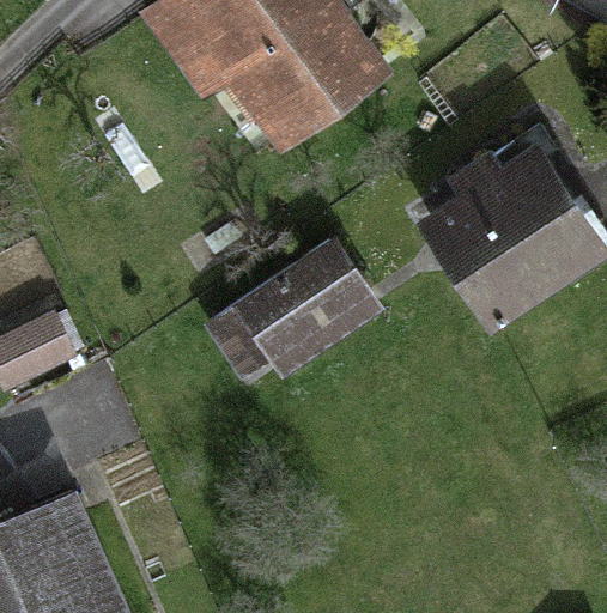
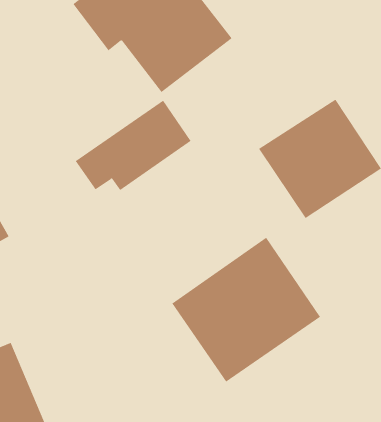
building: [206,237,370,365] -> [75,100,192,191]
building: none -> [171,237,321,383]

